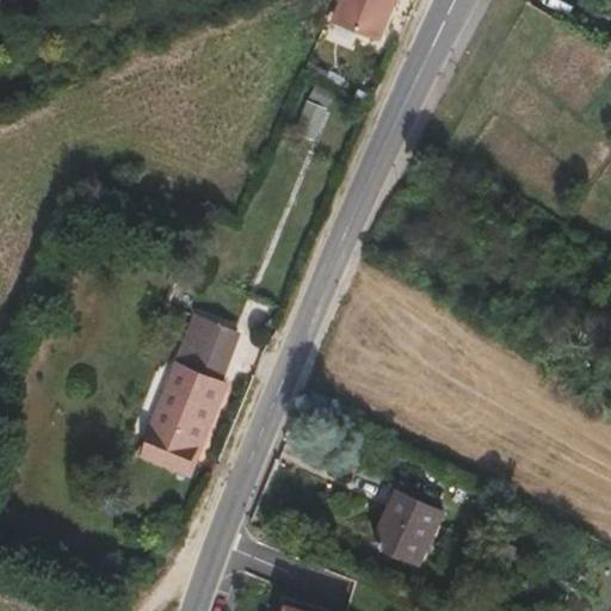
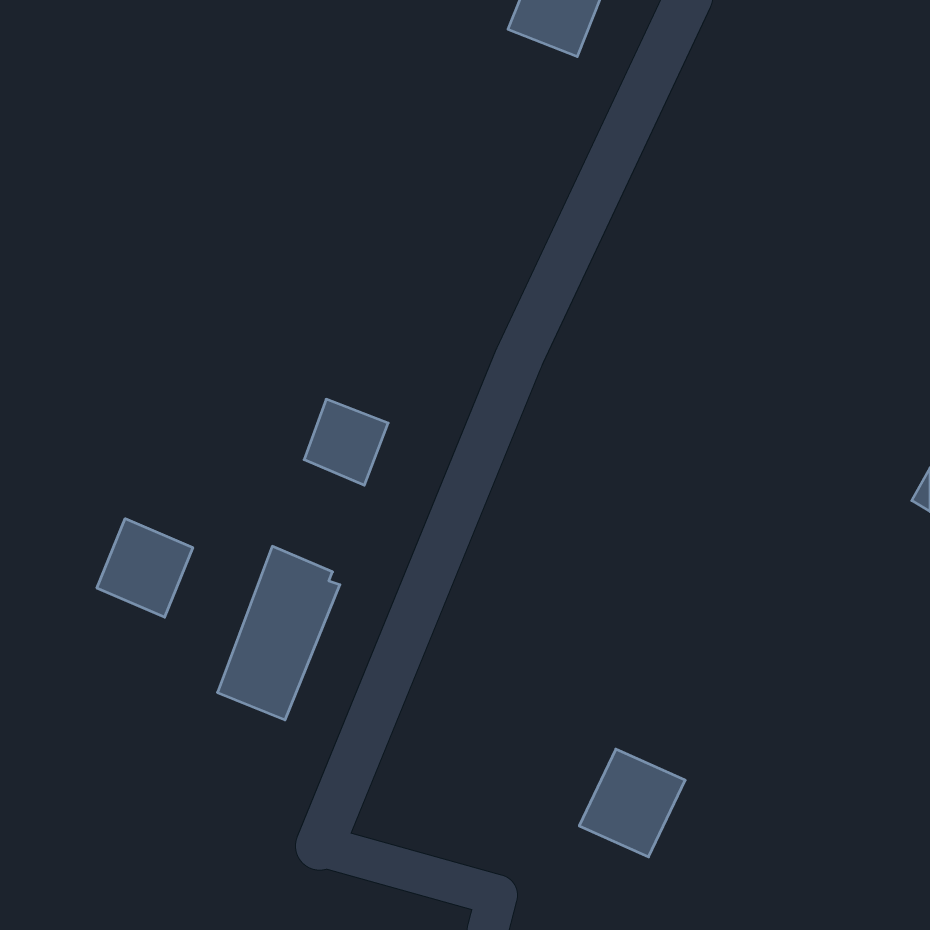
building: [178,317,233,374] -> [304,399,388,485]
building: none -> [97,519,193,617]

